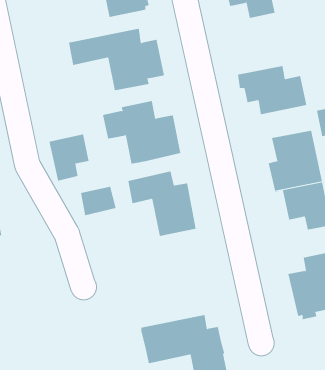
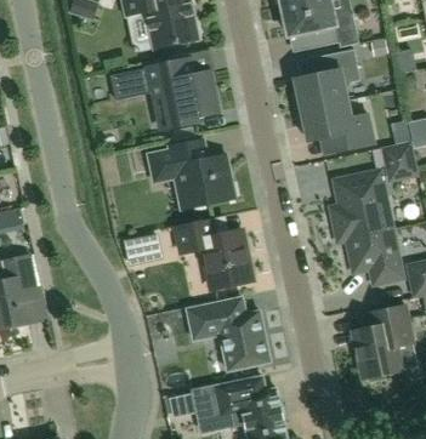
building: none -> [294,50,359,110]
building: [49,132,90,181] -> none
building: none -> [188,298,271,371]

